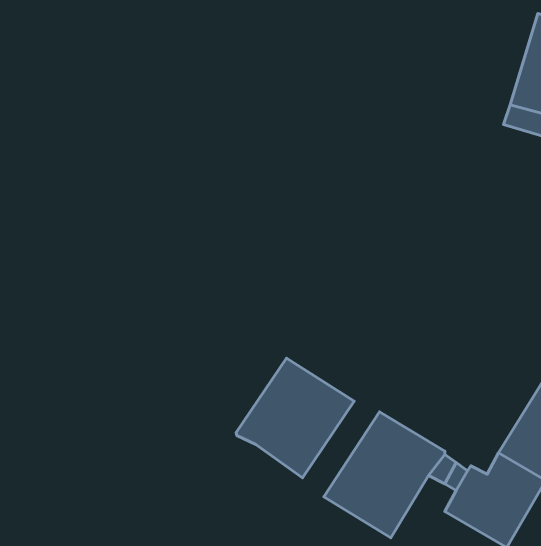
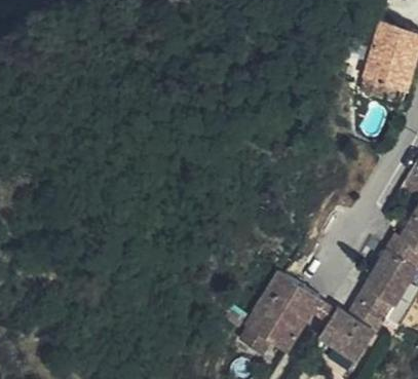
building: [236,358,354,478] -> none

